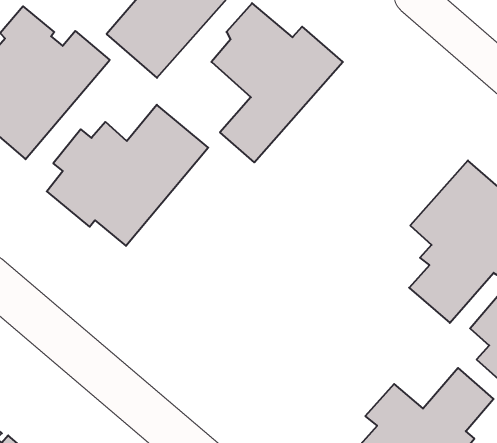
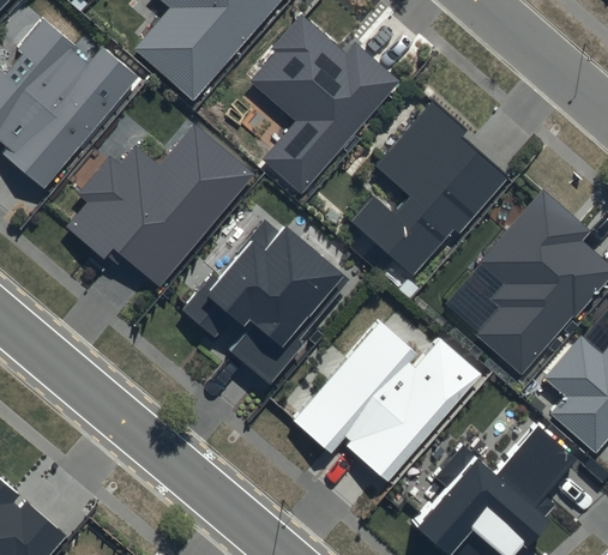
building: none -> [350,97,507,272]
building: none -> [179,219,337,379]
building: none -> [290,318,480,482]

